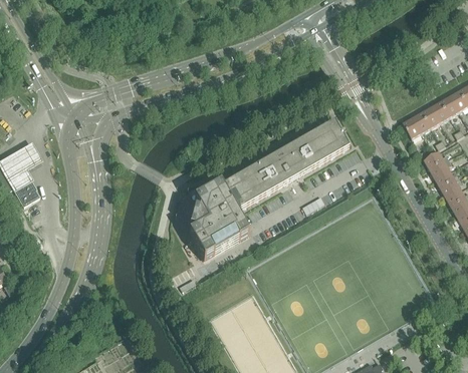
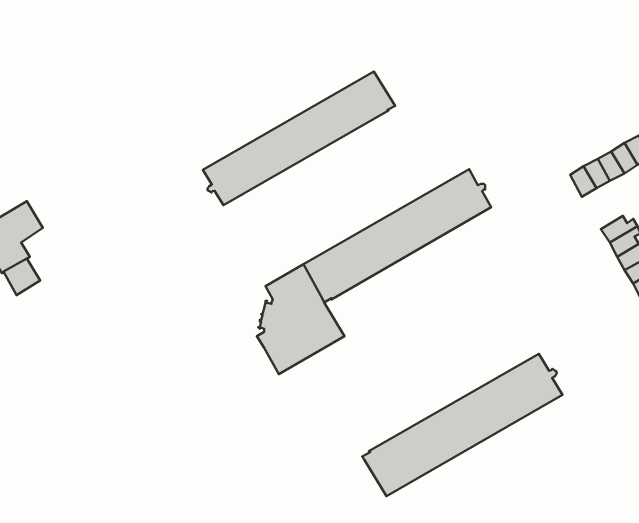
building: none -> [203,71,395,205]
building: none -> [362,354,563,496]

